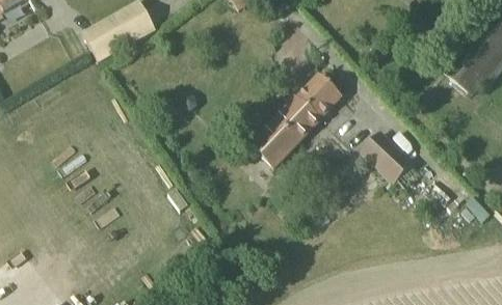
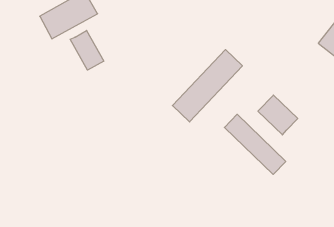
building: none -> [70,30,104,70]
building: none -> [224,114,286,174]

